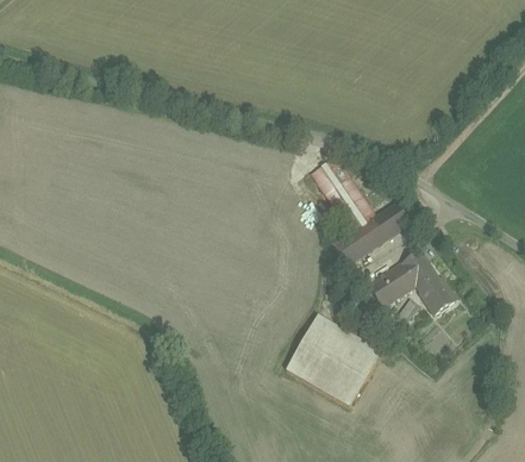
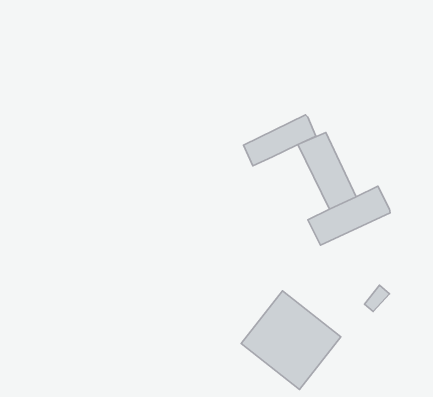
building: none -> [243,115,316,166]
building: [356,248,454,314] -> none

